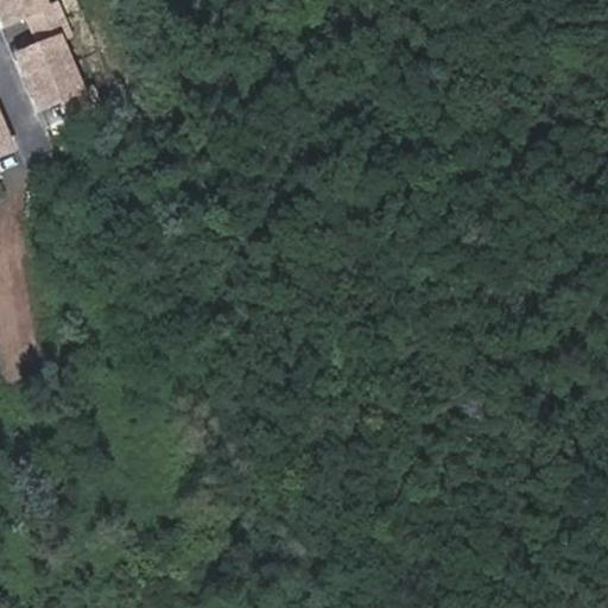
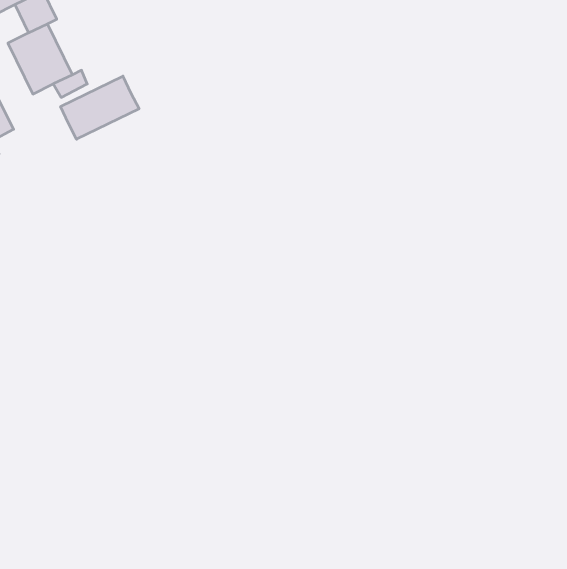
building: none -> [61,76,139,139]

